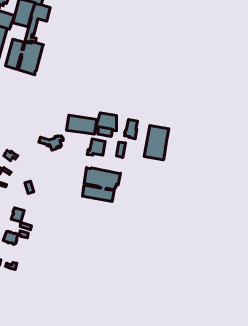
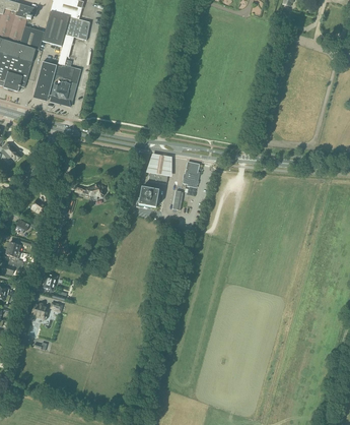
building: [67,115,97,134] -> none
building: [144,125,169,160] -> none
building: [82,168,120,202] -> none

